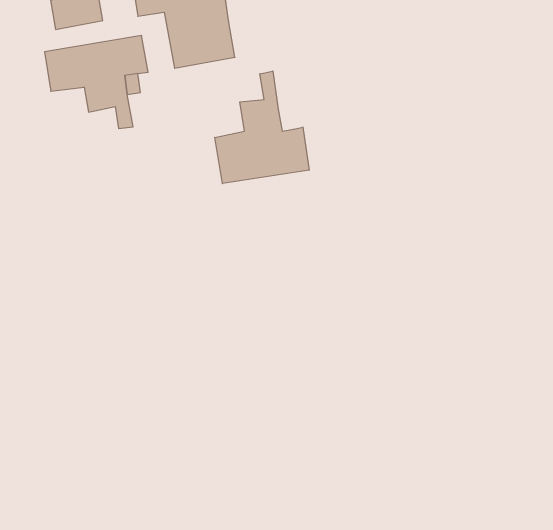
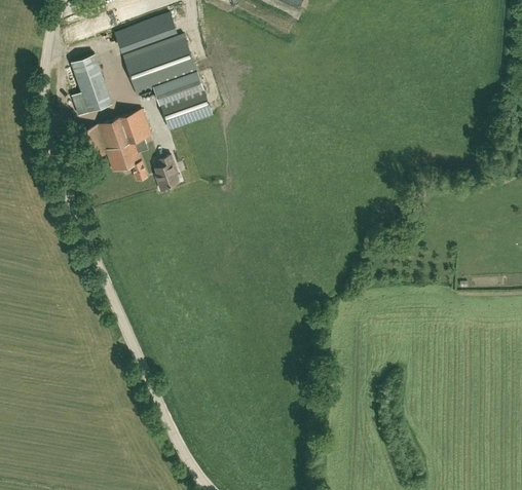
building: [215,71,309,184] -> none
building: none -> [154,155,177,191]

